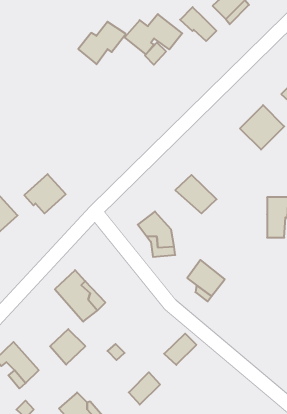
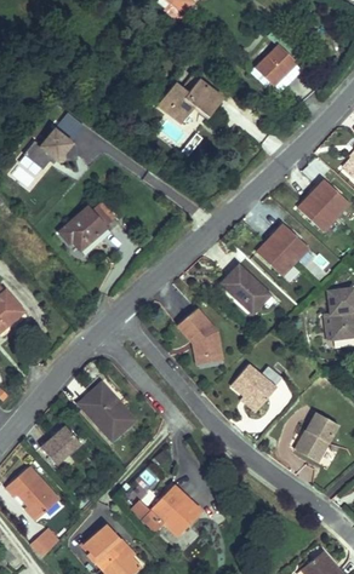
building: [180,7,216,41] -> none
building: [78,22,126,64] -> [18,127,75,178]
building: none -> [255,226,307,279]
building: [24,174,66,213] -> [64,206,114,253]
building: none -> [293,412,339,467]
building: [50,329,85,365] -> [34,423,76,465]
building: [164,334,196,365] -> [148,488,187,526]

